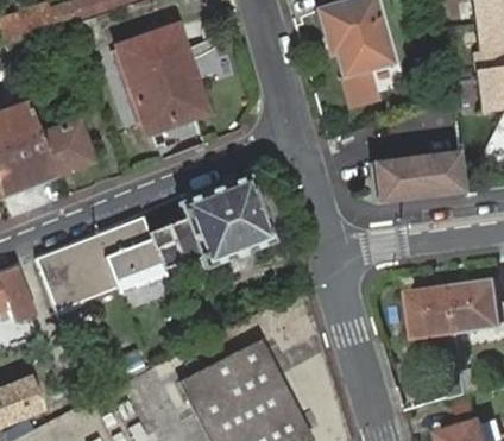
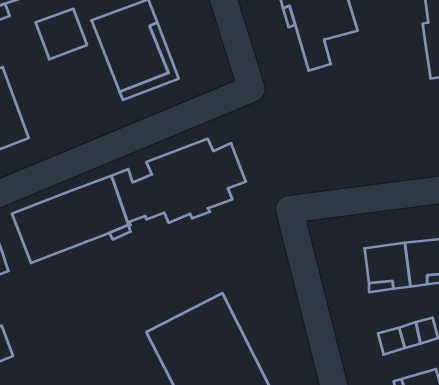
building: [39,121,94,175] -> [36,9,87,59]
building: [371,151,462,203] -> none

